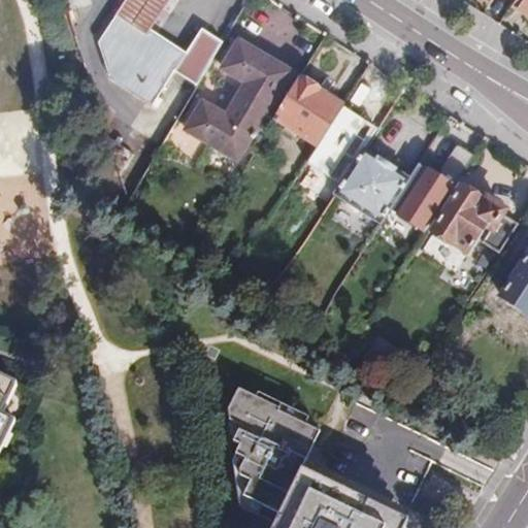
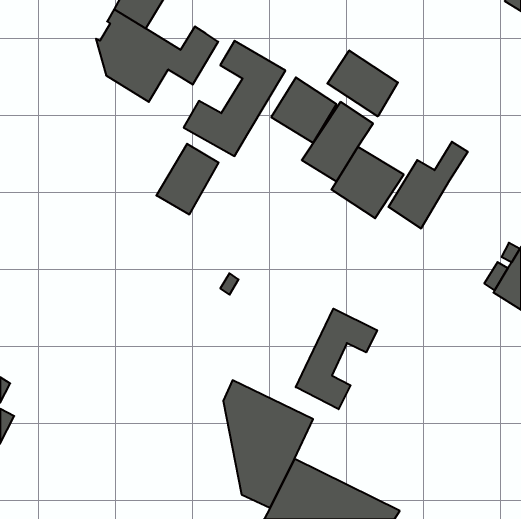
building: none -> [327,50,398,116]
building: none -> [156,144,219,215]
building: [433,188,517,253] -> none
building: none -> [296,309,377,409]

